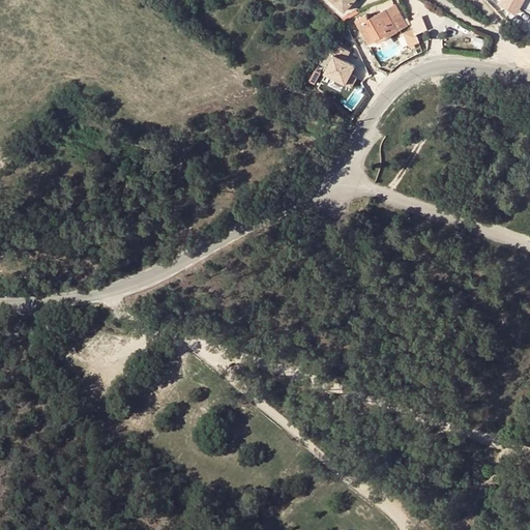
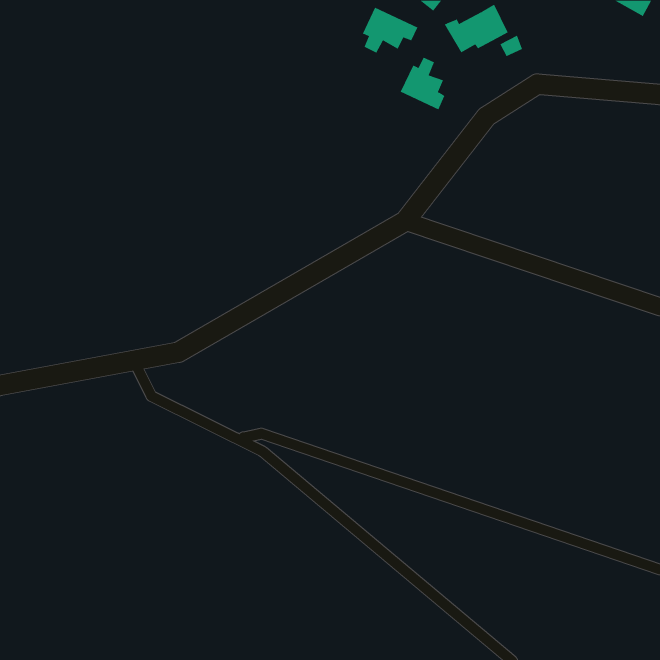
building: none -> [362,7,418,53]

